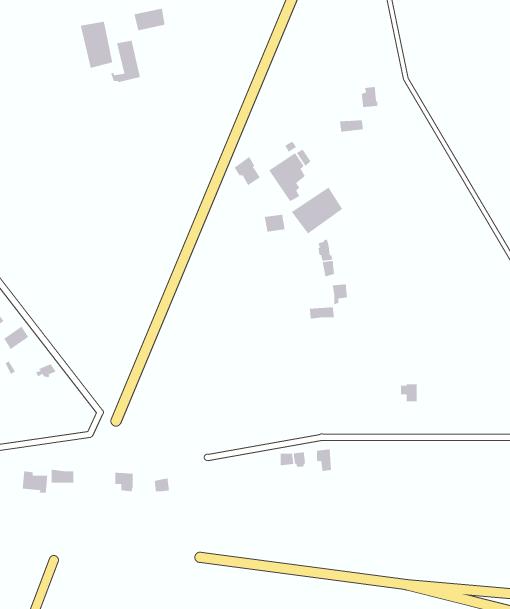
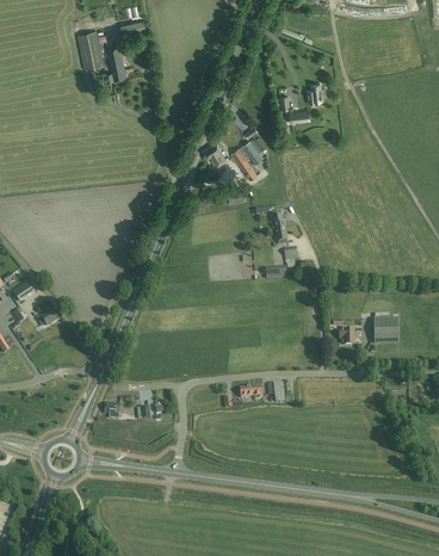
building: [291,187,343,234] -> none
building: none -> [375,317,398,342]

